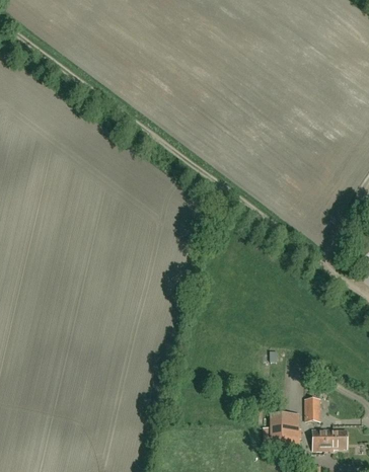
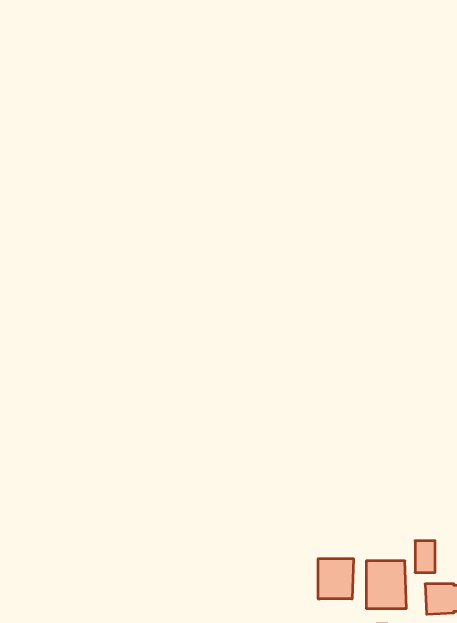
building: none -> [318,559,353,599]

